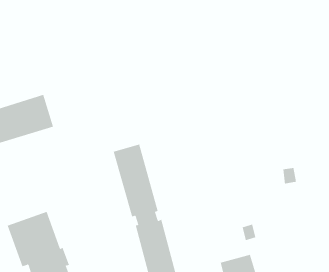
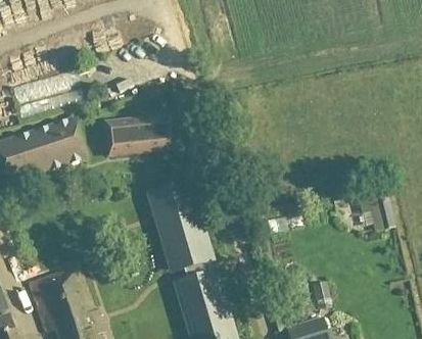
building: none -> [104,114,172,152]

